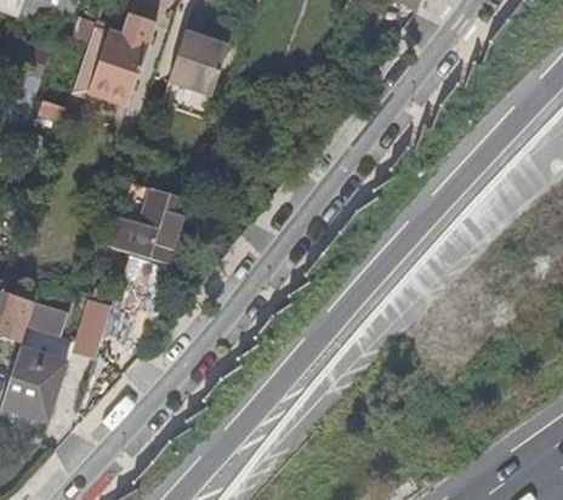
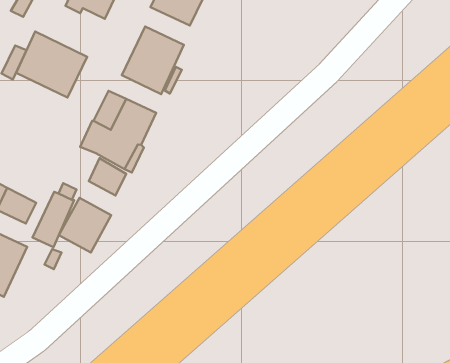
building: none -> [122,26,184,94]
building: none -> [16,31,87,98]
building: none -> [59,198,111,252]

